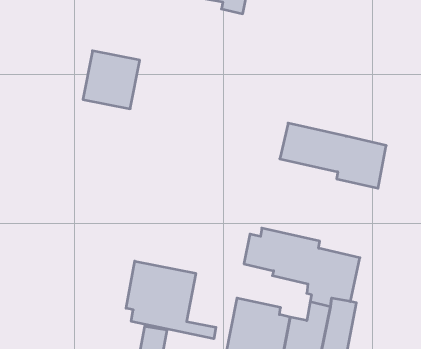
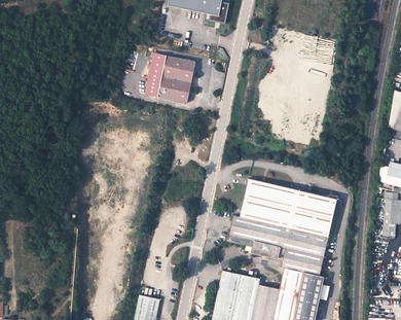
building: [83,51,140,109] -> [146,51,195,102]
building: [280,123,386,188] -> [242,178,334,235]
building: [126,261,216,339] -> none

